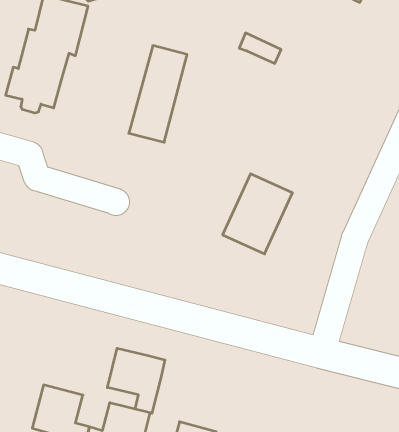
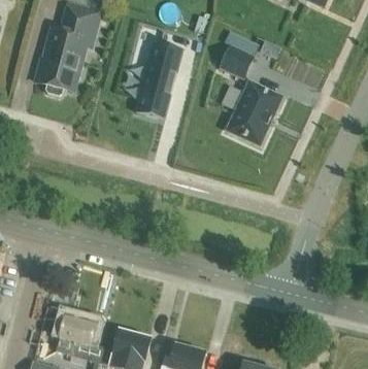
building: none -> [221,44,254,77]
building: [223,174,292,254] -> [226,79,282,144]
building: [107,348,165,413] -> none

